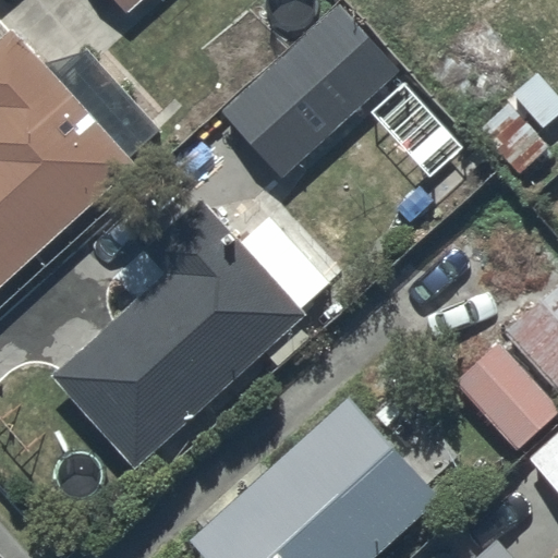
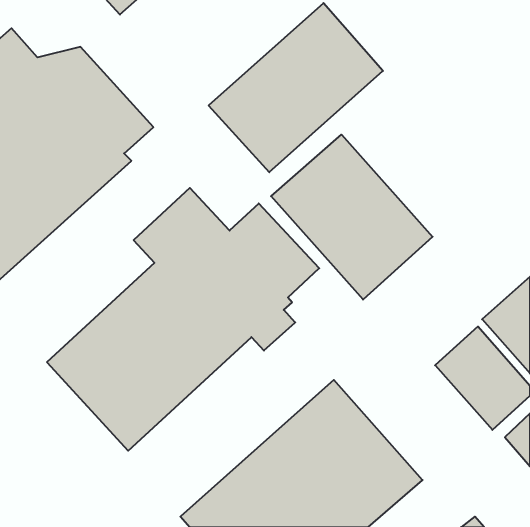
building: none -> [271,135,433,300]

